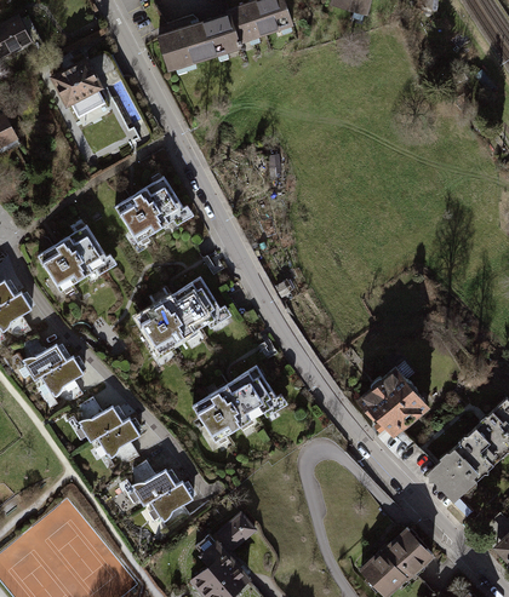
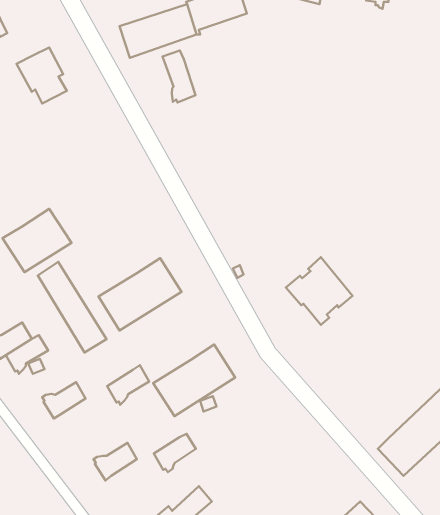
building: none -> [163,50,196,102]
building: [114,177,185,243] -> none
building: none -> [38,262,106,353]
building: [358,367,427,437] -> [286,257,352,325]
building: [96,418,139,459] -> [107,365,149,405]
building: [149,482,193,522] -> [154,434,196,472]

